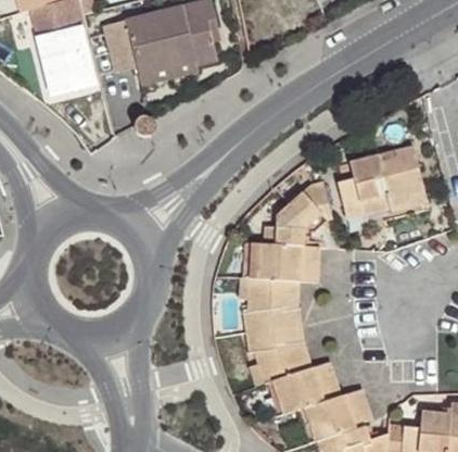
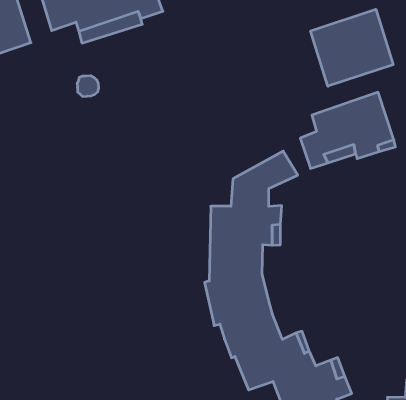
building: none -> [311,9,393,86]

